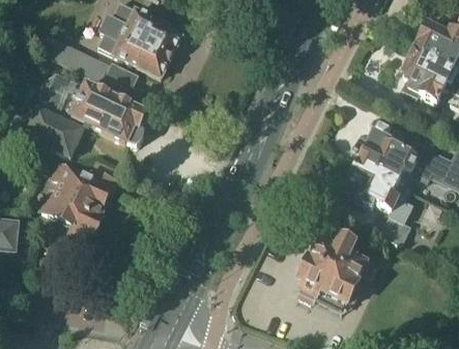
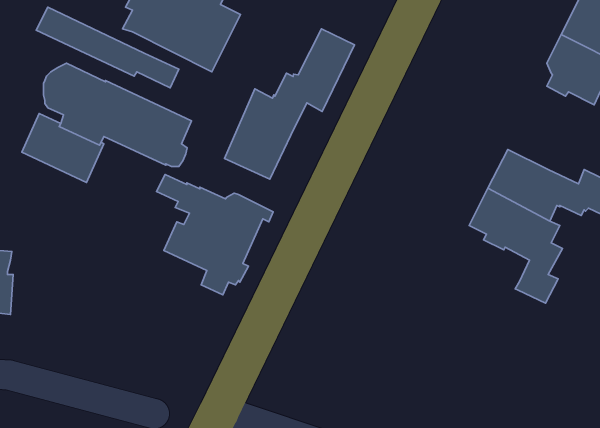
building: none -> [224,29,355,179]
building: [35,153,119,240] -> [157,174,273,295]
building: [298,237,378,303] -> none

